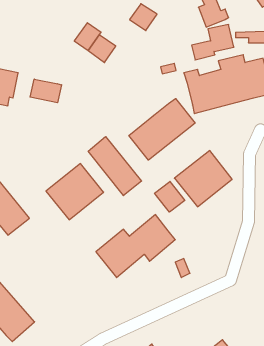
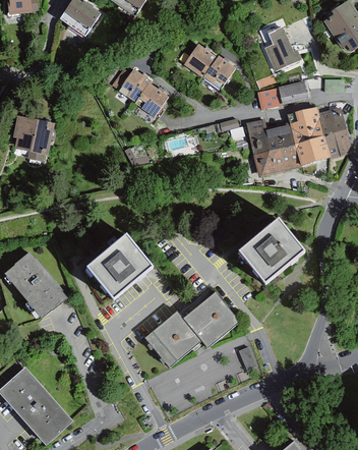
building: none -> [203,57,234,90]
building: [30,79,62,103] -> none
building: [129,99,195,160] -> none
building: [88,137,142,196] -> none
building: [155,181,185,212] -> none

